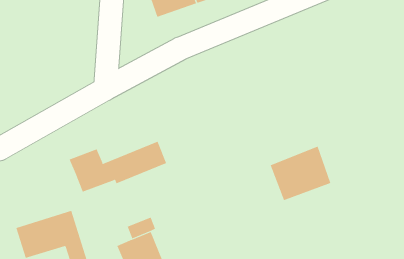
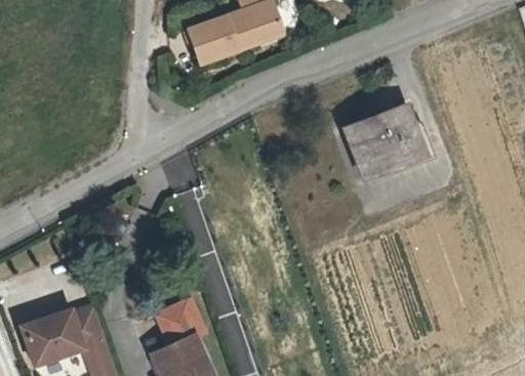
building: [69,141,167,192] -> none
building: [270,146,331,201] -> [346,102,423,172]

